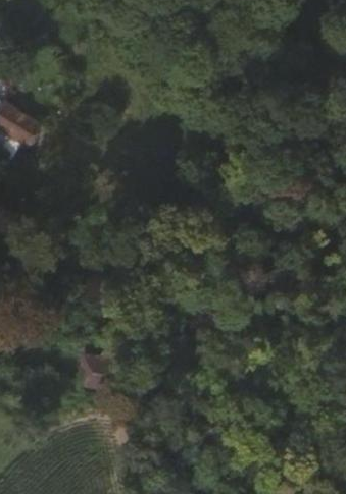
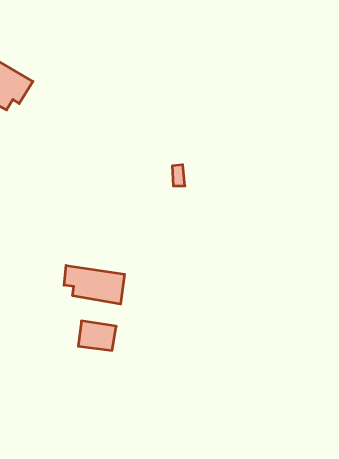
building: none -> [64,265,125,304]

